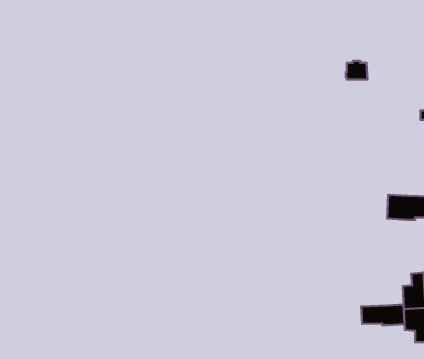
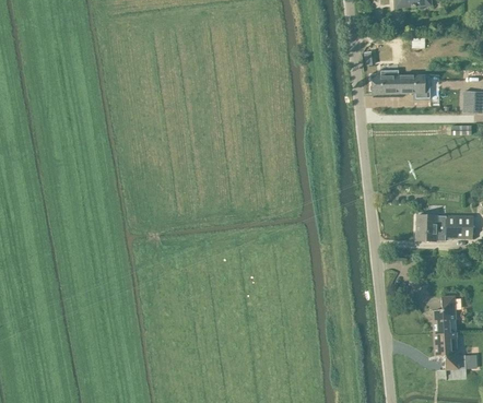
building: none -> [394,74,428,97]
building: [361,304,405,325] -> none

